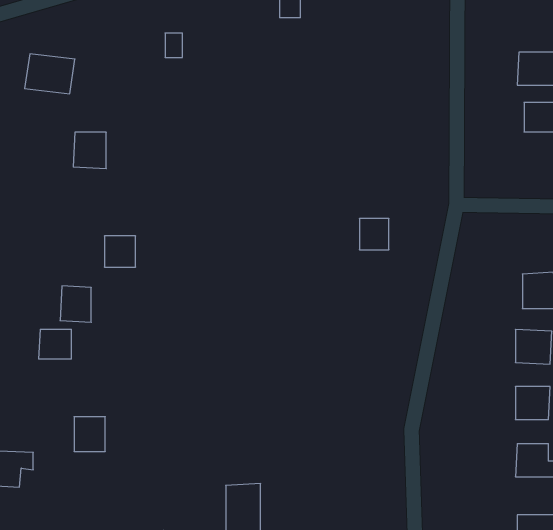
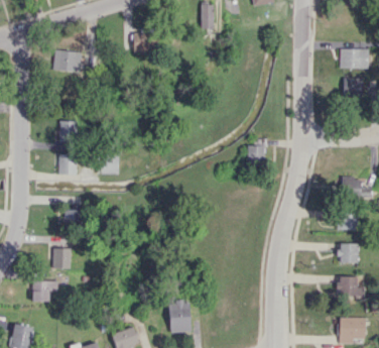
building: [73,132,106,169] -> [58,121,78,142]
building: [60,286,91,322] -> [57,153,76,175]
building: [74,417,105,451] -> [52,248,71,268]

